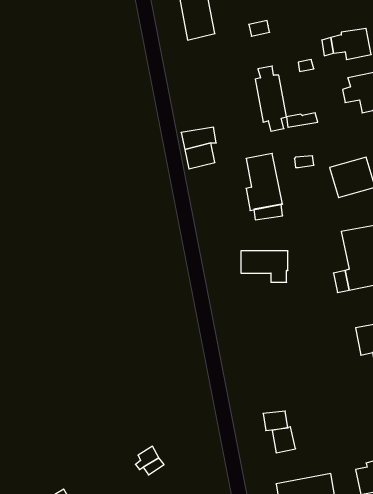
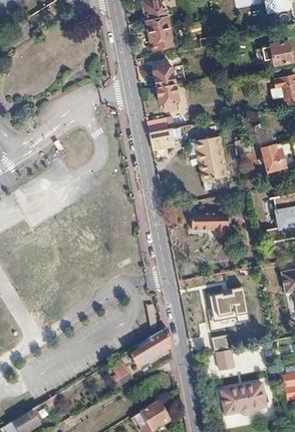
building: [255,66,287,131] -> [153,61,177,111]
building: none -> [206,289,248,322]
building: none -> [130,328,170,366]

